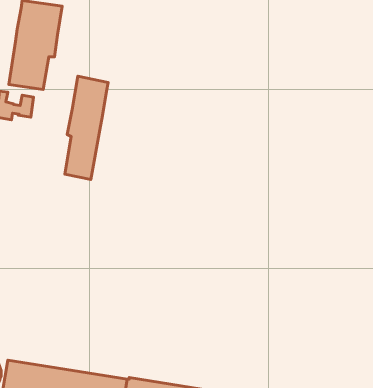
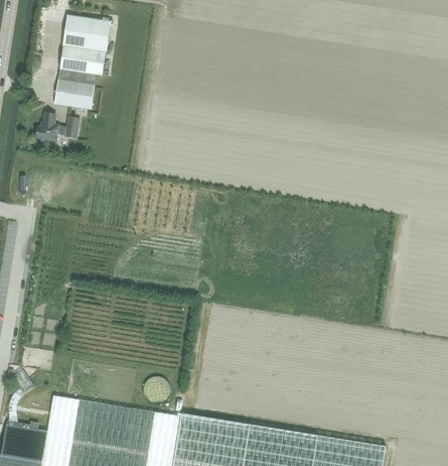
building: [65,76,108,179] -> none

